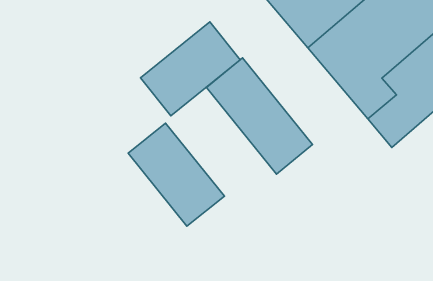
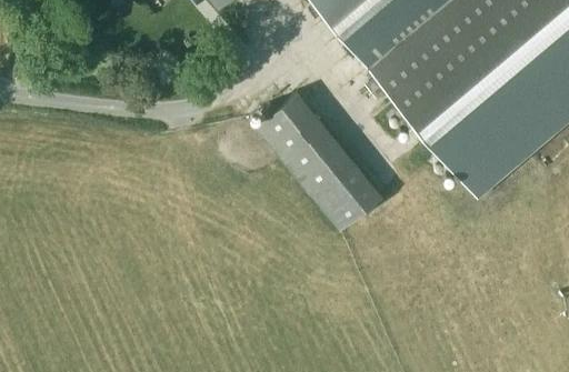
building: [140,22,240,116] -> none
building: [128,123,224,226] -> none

